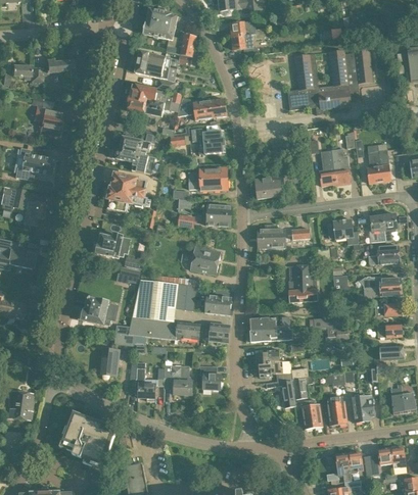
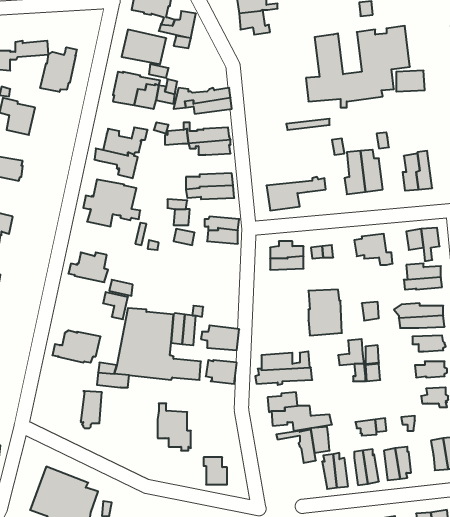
building: none -> [40,47,77,92]
building: [190,246,221,275] -> none
building: [201,366,221,389] -> [204,457,227,485]
building: [136,367,165,400] -> none

